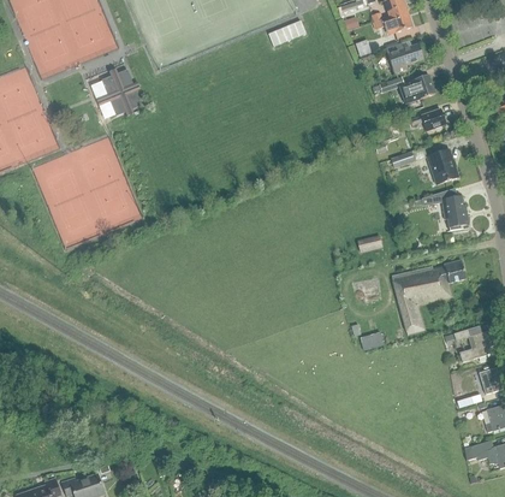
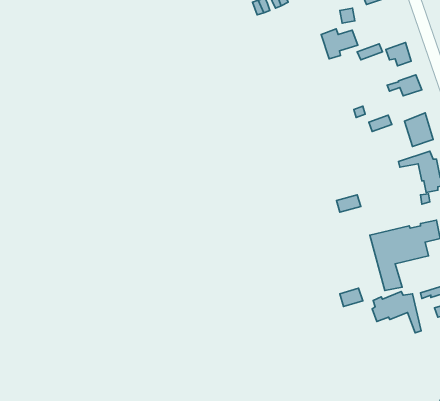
building: [385,42,423,73] -> [321,29,358,59]
building: [101,67,142,114] -> none
building: none -> [372,292,421,333]

